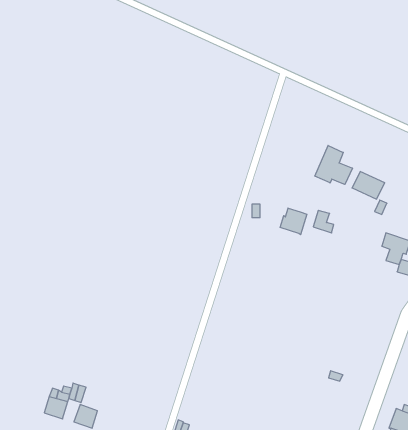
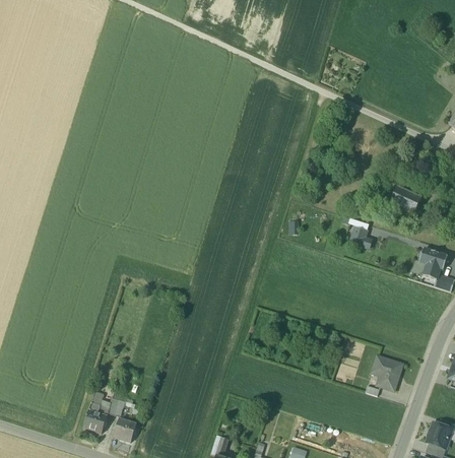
building: [315,145,352,184] -> none
building: [280,208,307,235] -> none
building: none -> [374,355,402,390]

